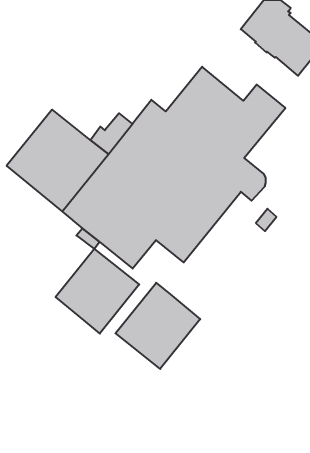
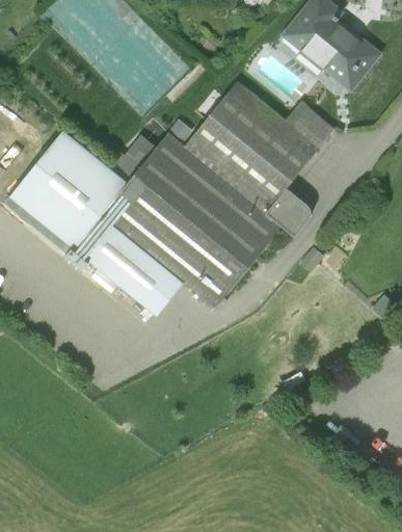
building: [56,249,139,334] -> none
building: [115,283,200,369] -> none

